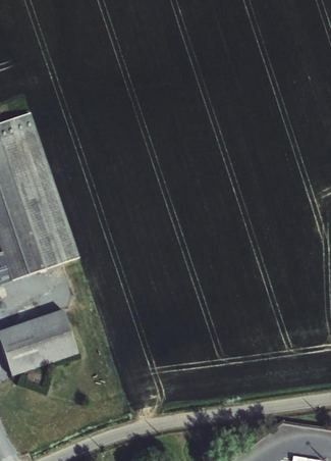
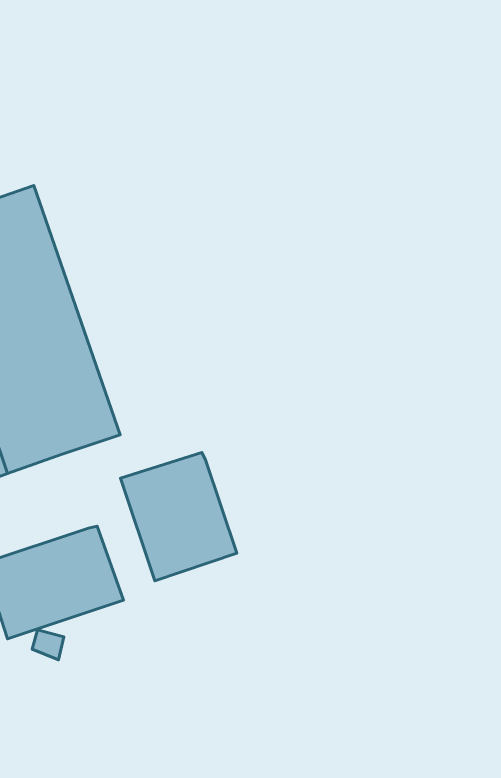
building: none -> [121,453,237,581]

